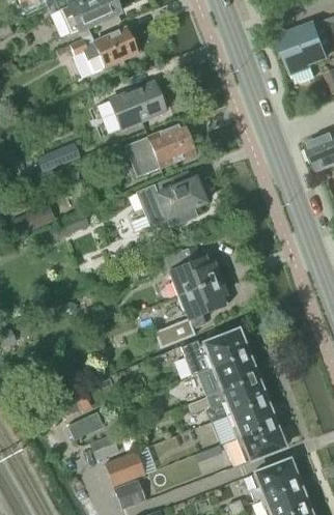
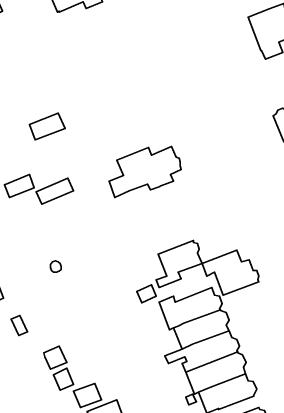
building: [69,27,137,71] -> none
building: [110,81,165,127] -> none
building: [123,121,195,176] -> none
building: [158,245,219,293] -> [202,250,259,295]

